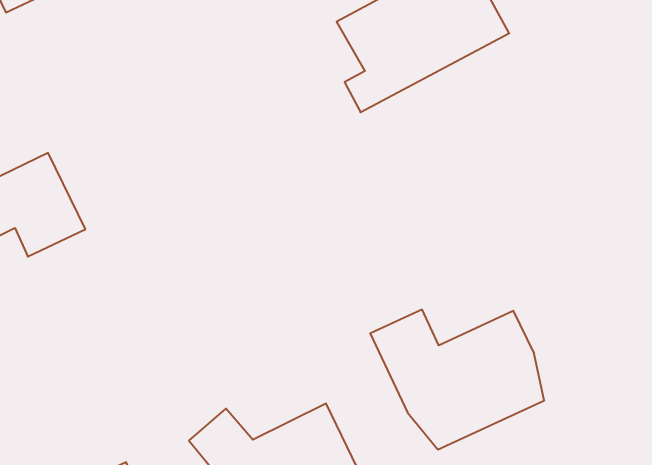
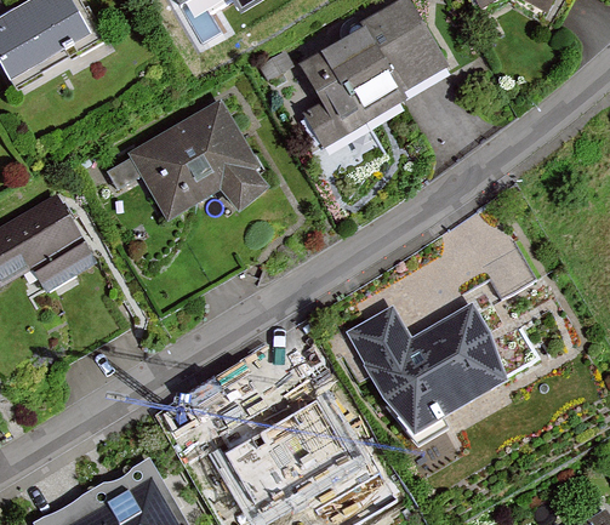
building: none -> [127,103,264,218]

